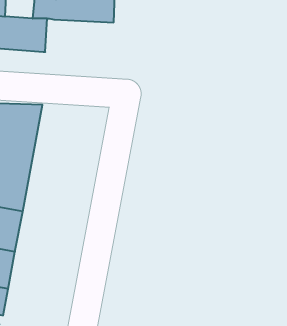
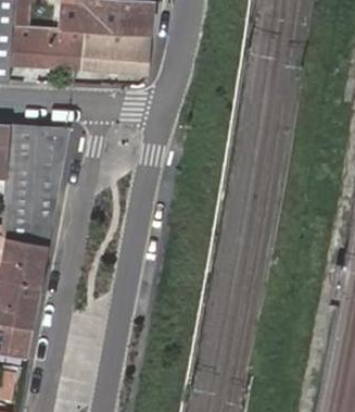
building: none -> [79,29,149,71]

